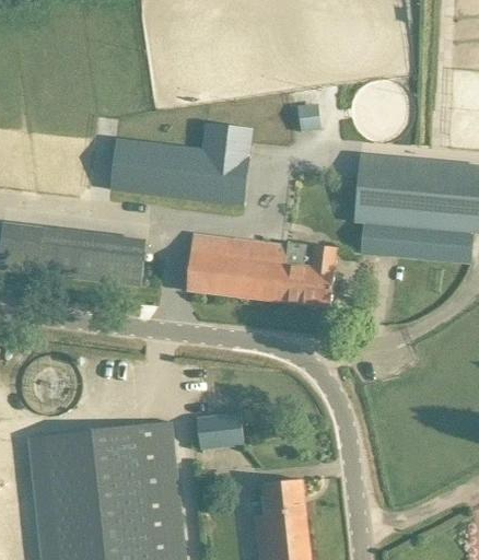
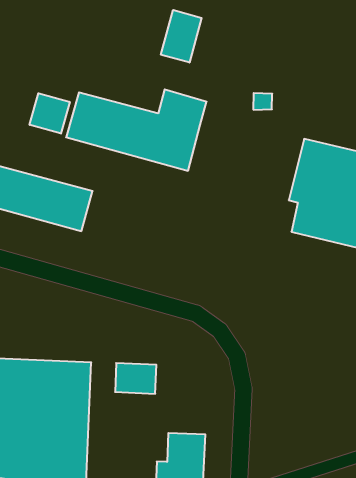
building: none -> [161,10,202,63]
building: none -> [30,93,70,134]
building: [186,234,336,307] -> none

